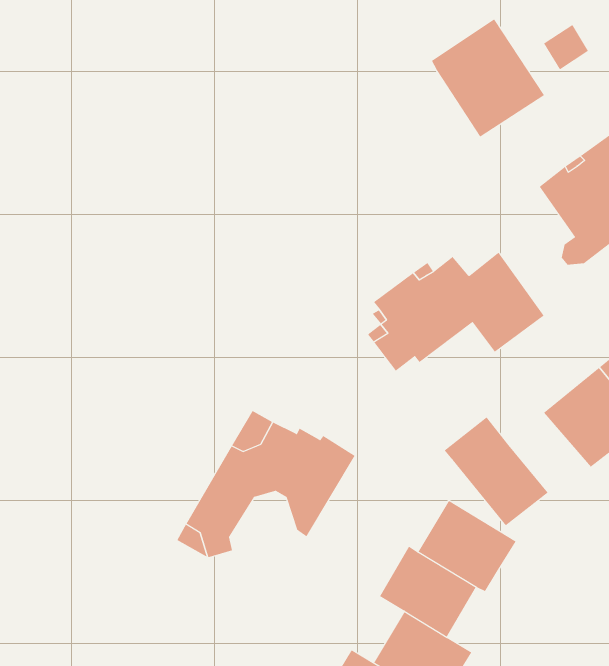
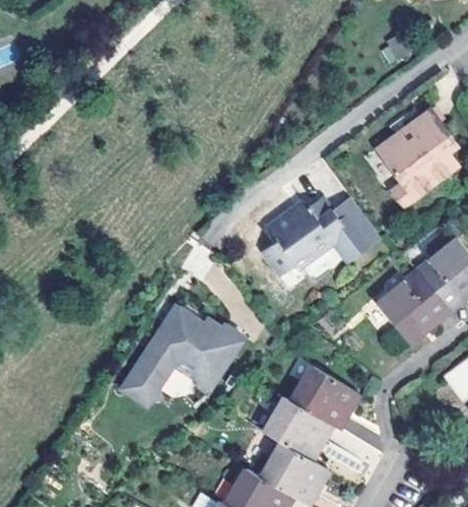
building: [431,18,545,138] -> none
building: [444,417,549,526] -> none

